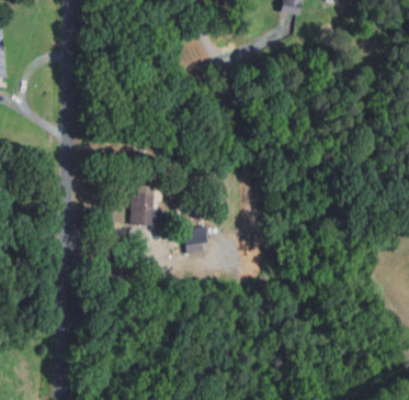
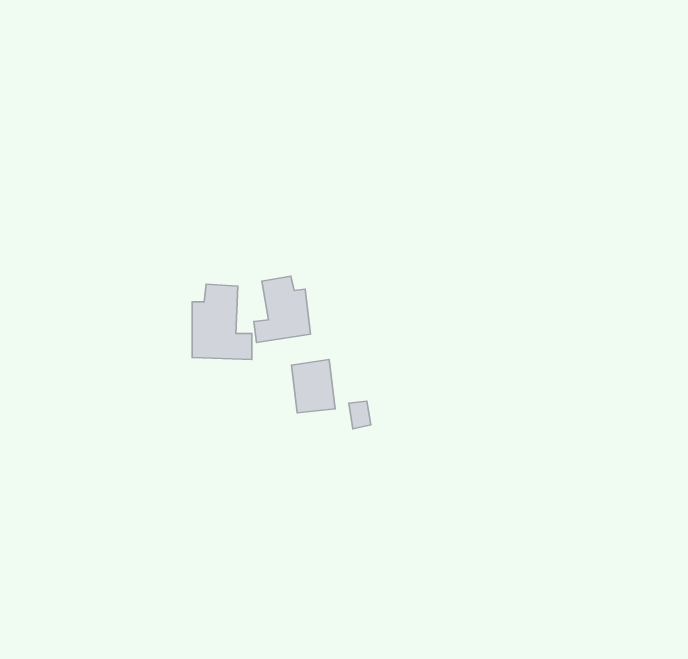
building: none -> [254,276,311,342]

